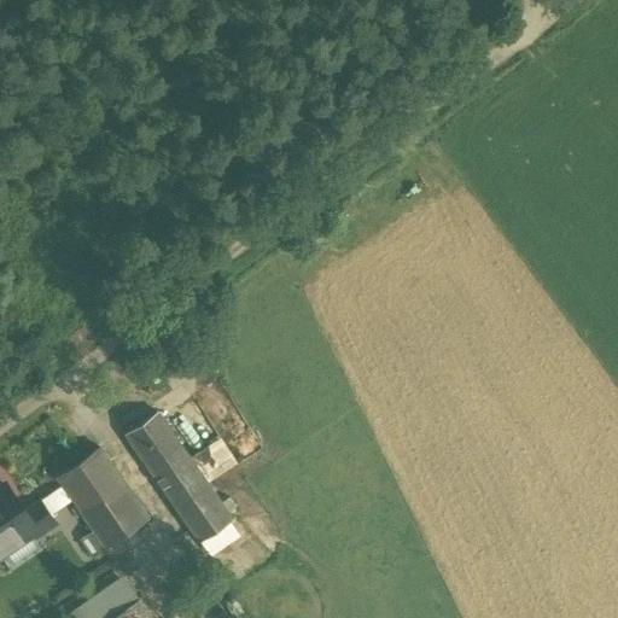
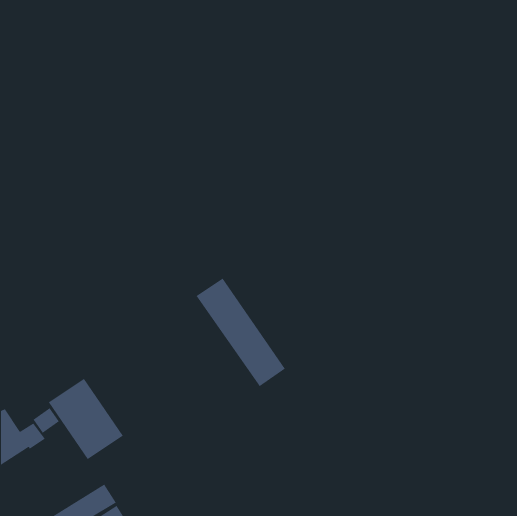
building: [127,415,234,546] -> [195,278,286,387]

